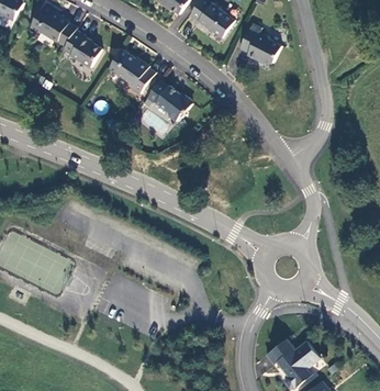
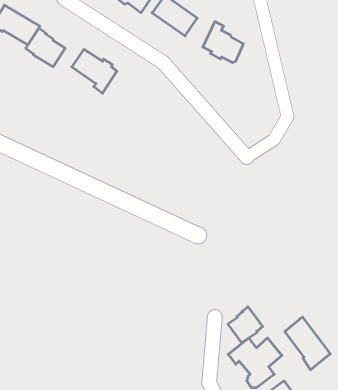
building: [146,80,191,121] -> none
building: none -> [228,307,263,343]
building: none -> [285,317,330,370]

